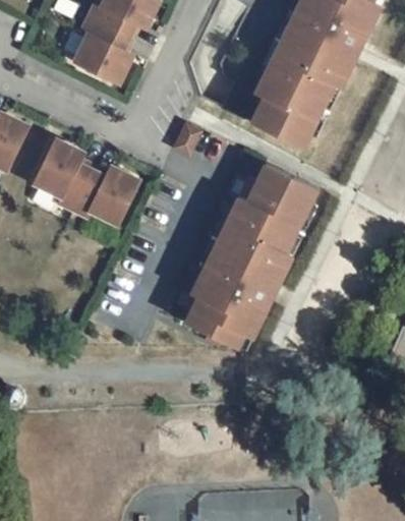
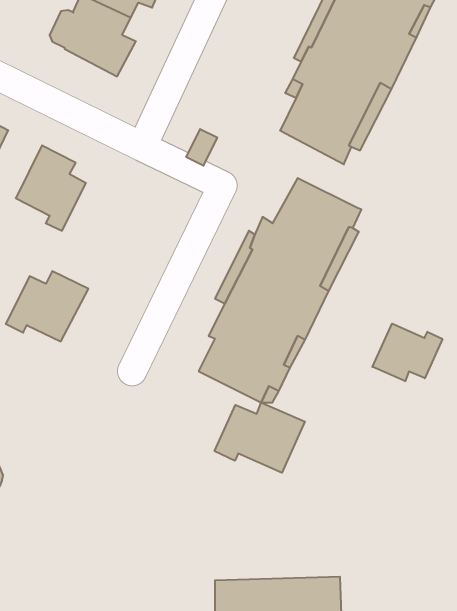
building: [73,166,140,223] -> [6,271,88,341]
building: none -> [372,324,442,381]
building: none -> [215,402,305,473]

